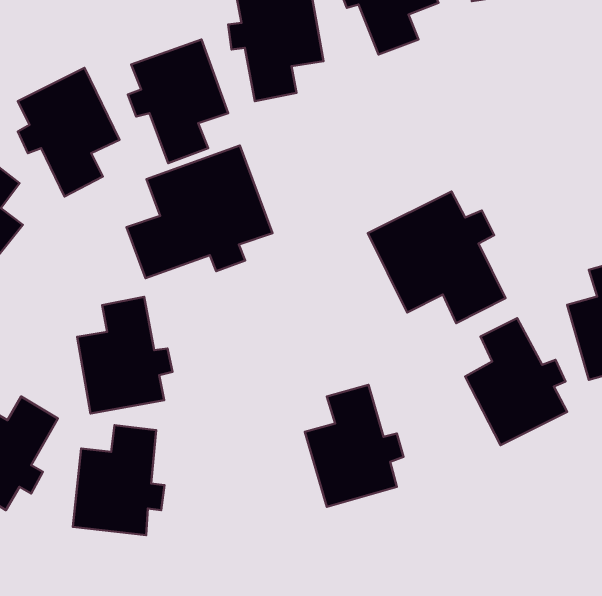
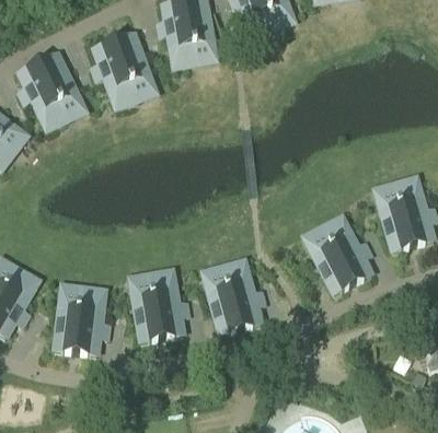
building: [127,146,272,278] -> none
building: [368,192,506,323] -> none
building: [77,297,172,414] -> [130,266,193,342]

